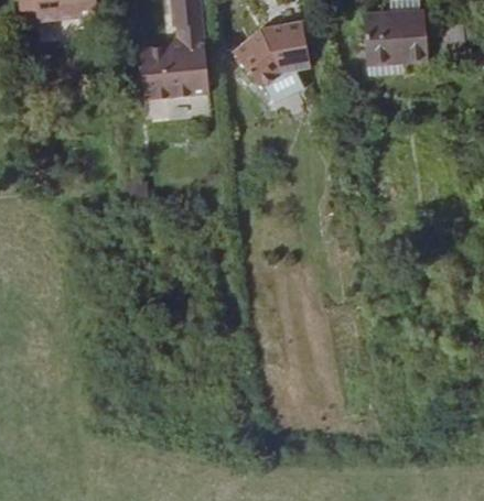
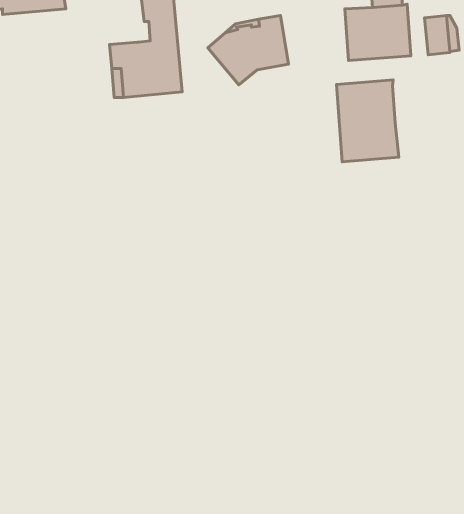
building: none -> [337,80,399,162]

